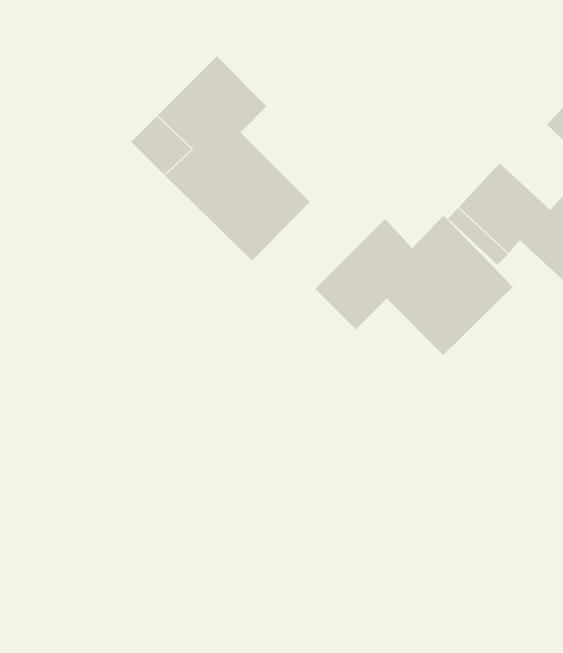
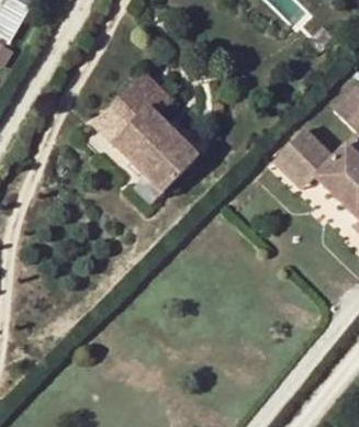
building: [315,215,513,356] -> none

